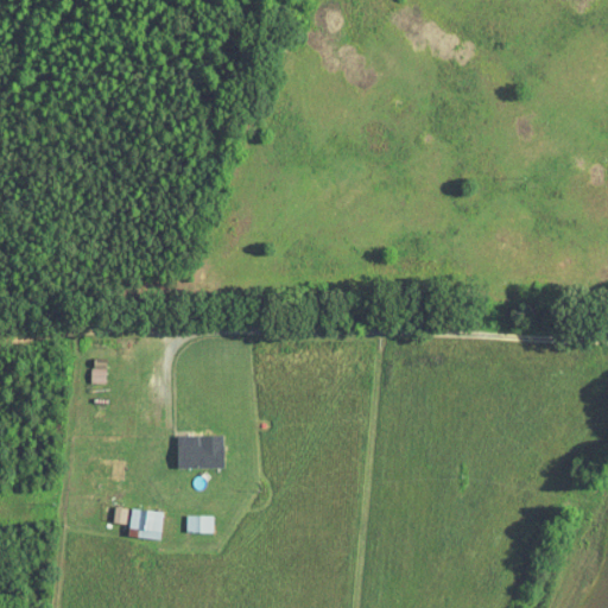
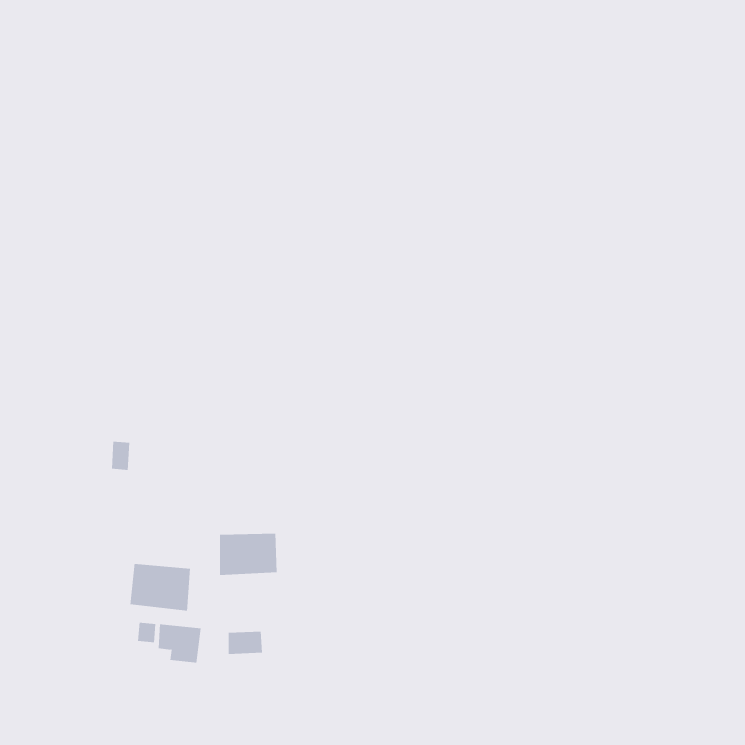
building: none -> [130,563,191,611]

